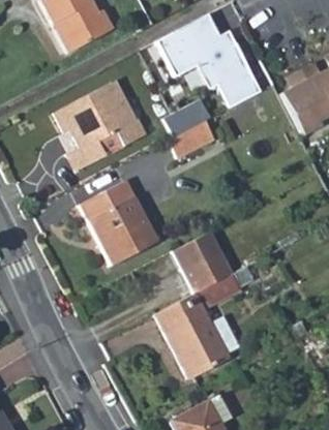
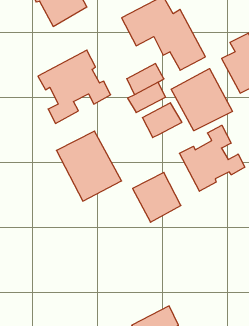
building: none -> [171,69,232,131]
building: none -> [142,103,182,138]
building: none -> [179,125,245,191]
building: [154,265,251,377] -> none

